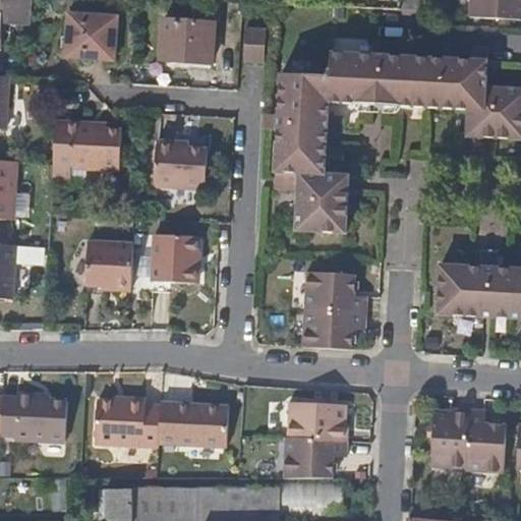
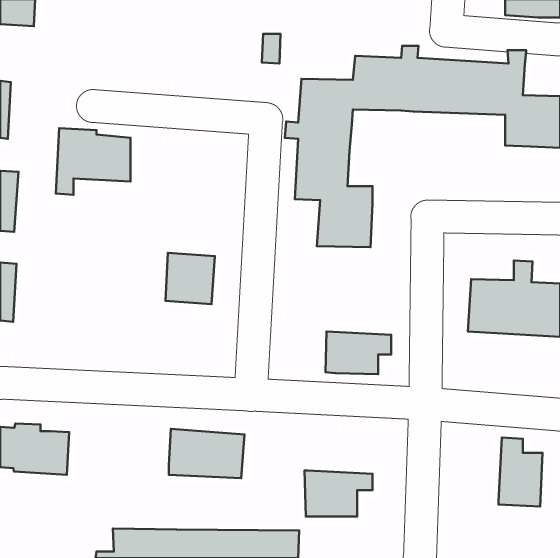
building: [66,12,115,59] -> none
building: [160,21,214,62] -> none
building: [156,137,210,186] -> none
building: [86,244,132,293] -> none
building: [303,271,364,311] -> none
building: [100,385,159,432] -> none
building: [286,402,347,441] -> none
building: [429,406,466,466] -> none

